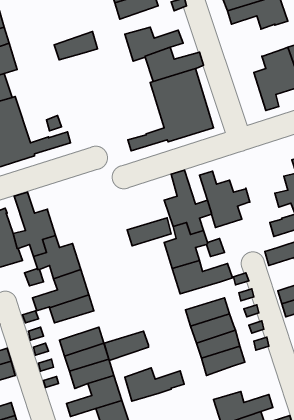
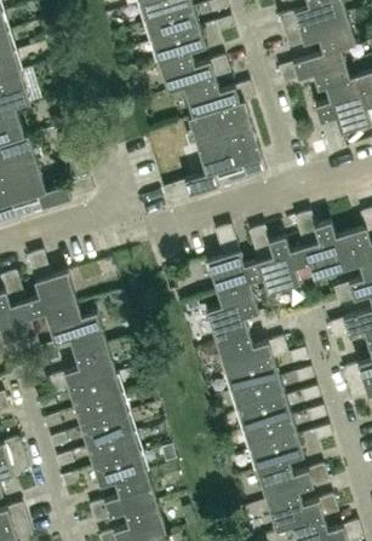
building: none -> [276,50,349,91]
building: [54,32,97,60] -> [153,28,205,62]
building: none -> [293,212,355,280]
building: [127,218,171,246] -> [225,359,279,393]
building: [104,331,148,360] -> [74,395,127,430]
building: [125,368,184,401] -> [257,461,328,501]

